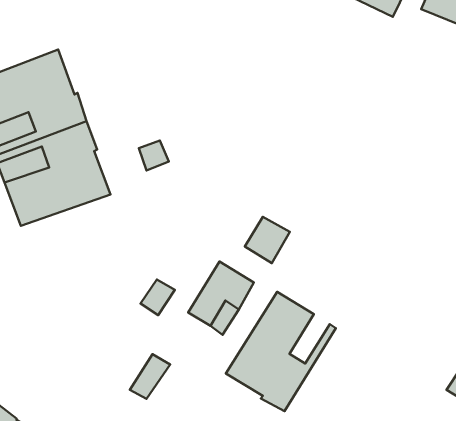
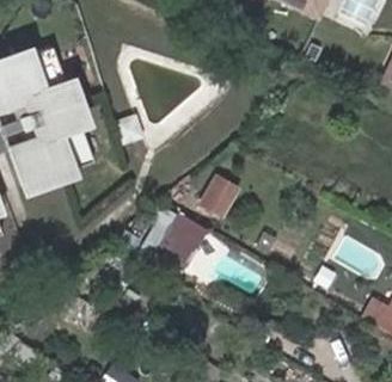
building: [226,292,336,411] -> none

